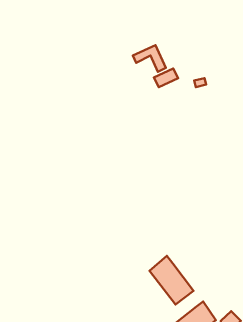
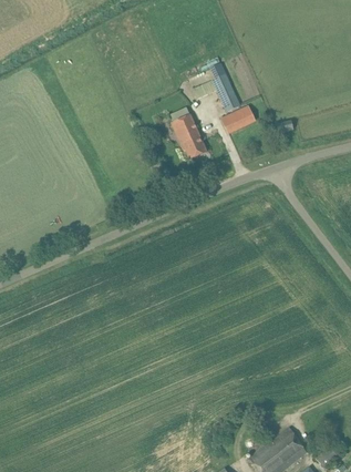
building: none -> [172,115,206,158]
building: [149,256,193,305] -> none

